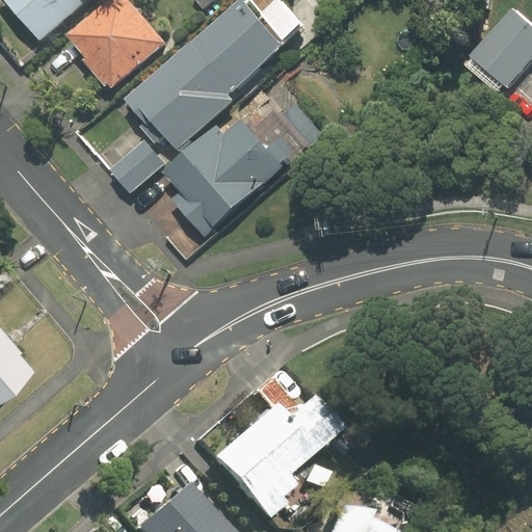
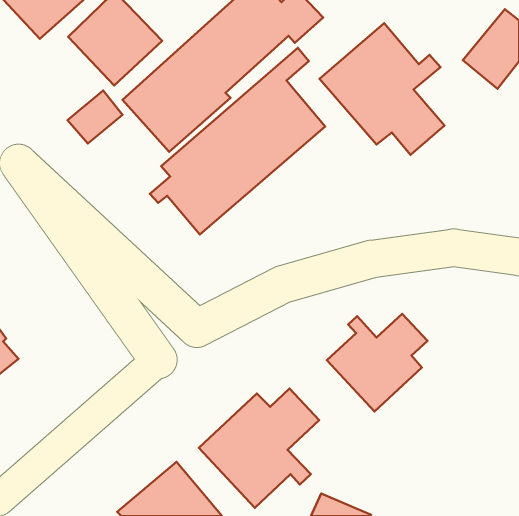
building: none -> [320,23,445,155]
building: [109,136,165,190] -> [67,90,122,144]
building: none -> [327,314,427,411]

